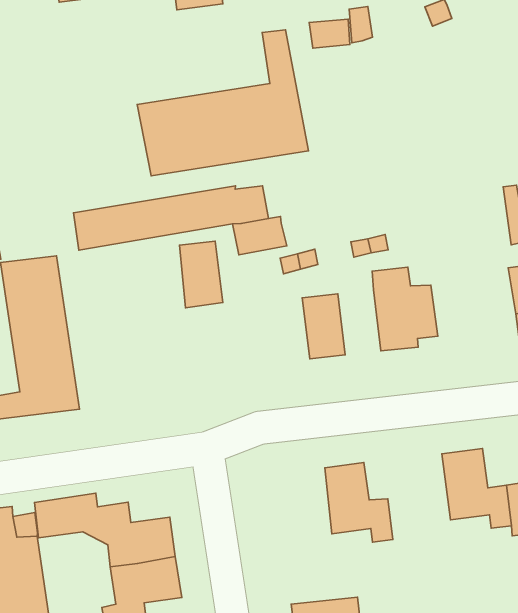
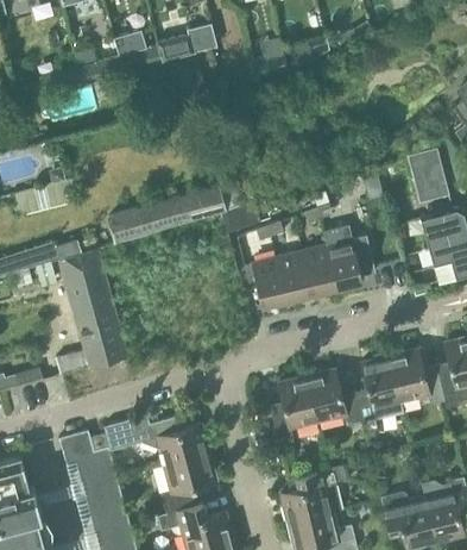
building: [137,30,309,176] -> none
building: [180,241,223,308] -> [251,257,286,307]
building: none -> [301,245,336,294]
building: none -> [354,356,403,421]
building: none -> [271,376,317,442]

